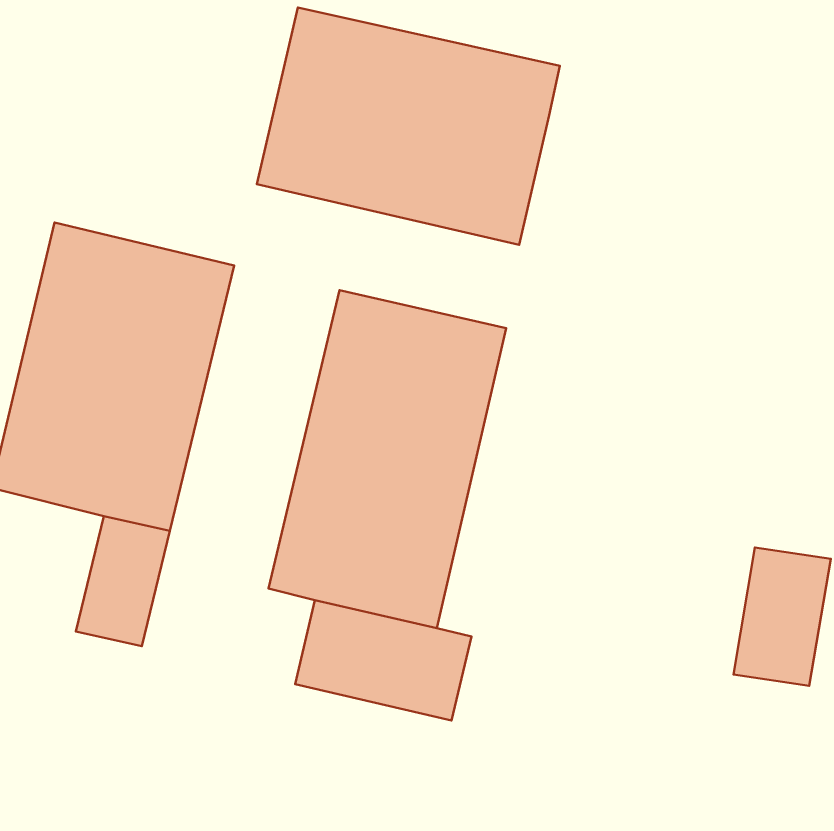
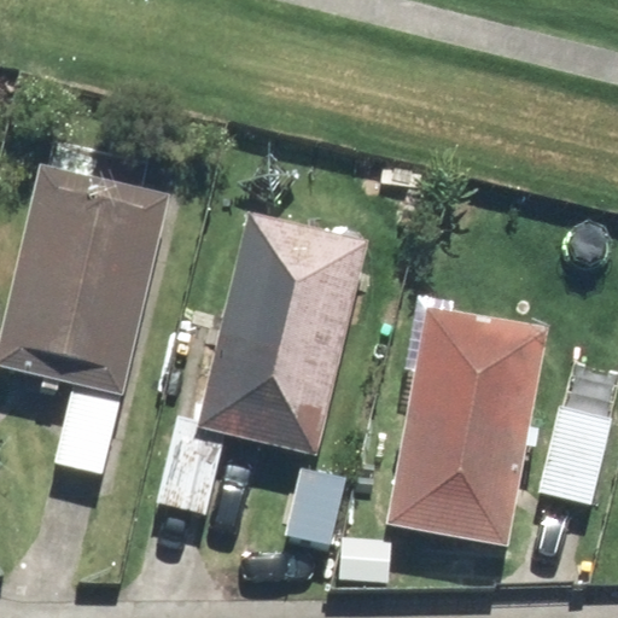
building: [257,7,560,245] -> none
building: none -> [386,310,541,542]

